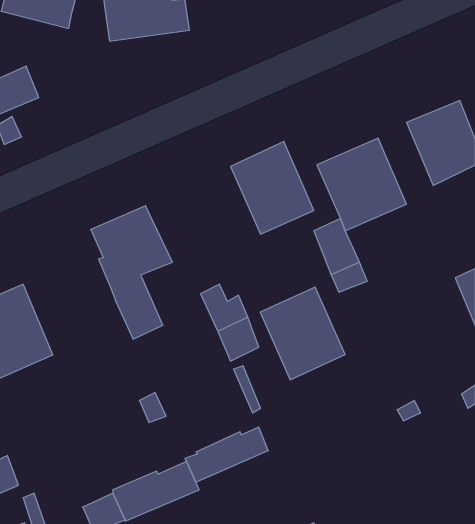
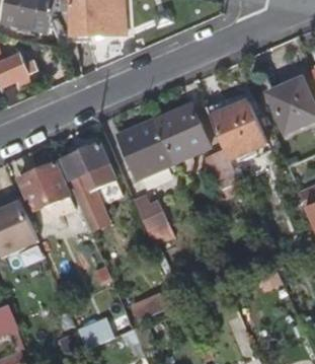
building: none -> [19,163,74,223]
building: [260,287,345,380] -> [116,120,171,179]

